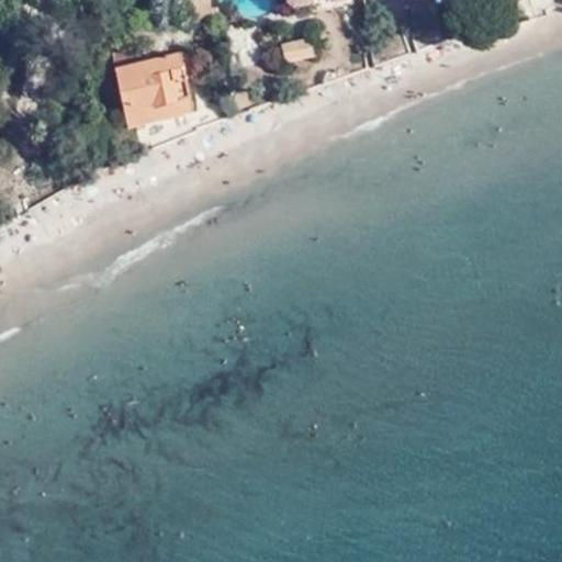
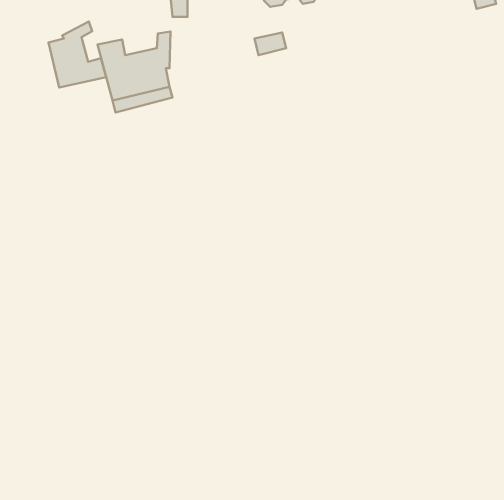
building: none -> [48,22,106,87]

